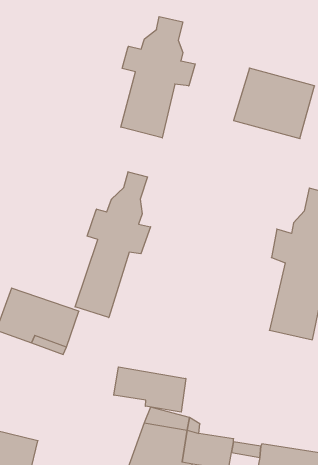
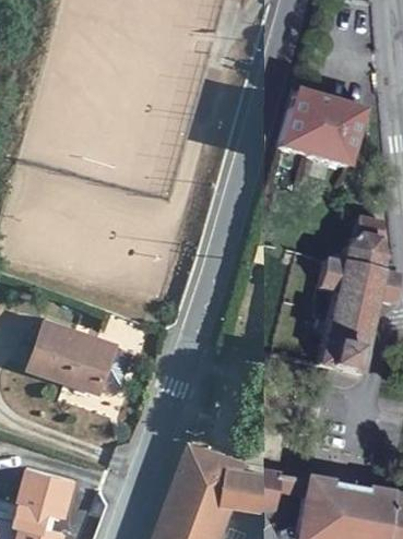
building: [121,17,195,138] -> none
building: [75,172,151,318] -> none
building: [114,367,186,412] -> none

